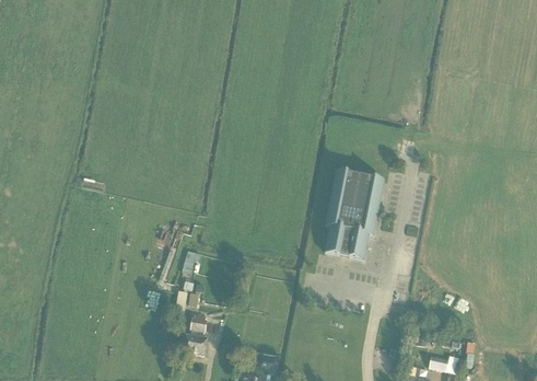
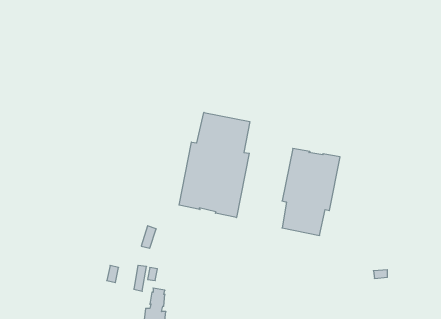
building: none -> [179,112,250,218]

